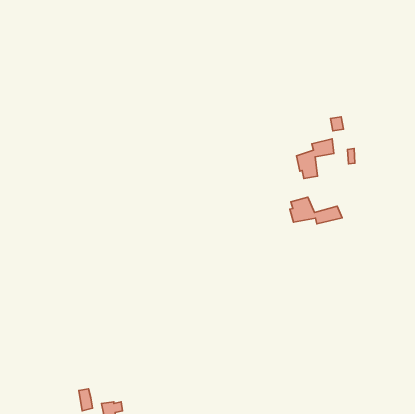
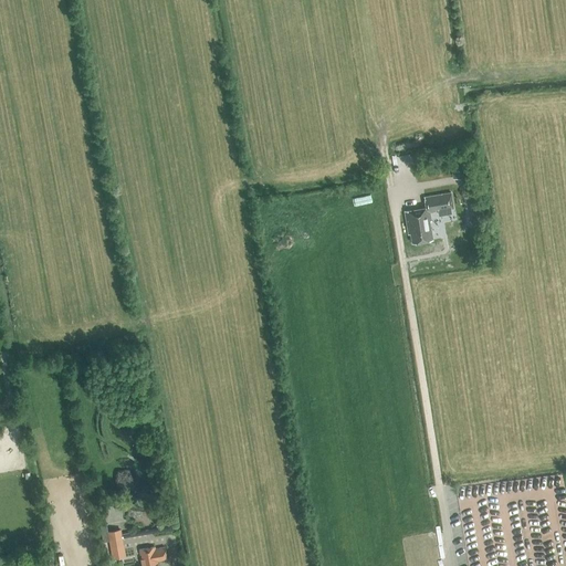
building: [290,197,342,224] -> none

